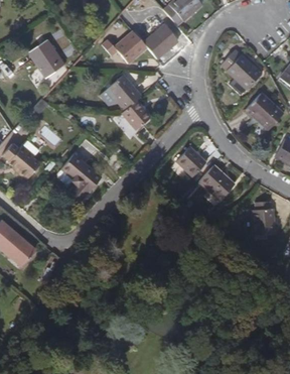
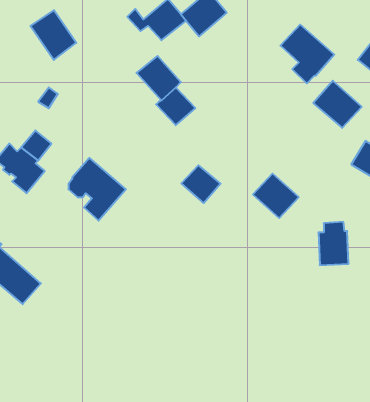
building: [176,146,206,175] -> [181,165,221,203]

